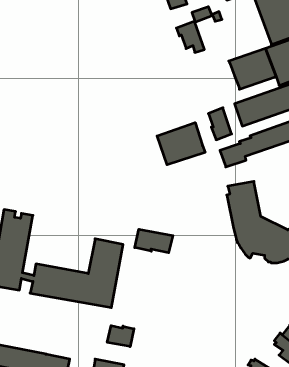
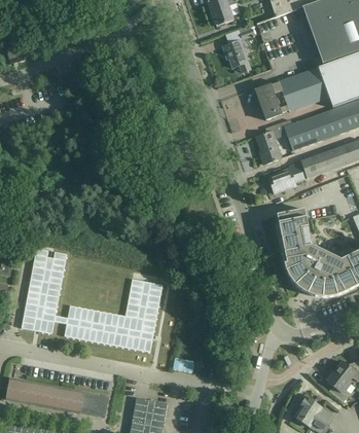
building: none -> [255,83,289,120]
building: [157,123,205,165] -> none
building: [135,229,173,253] -> none
building: [107,326,134,347] -> none

